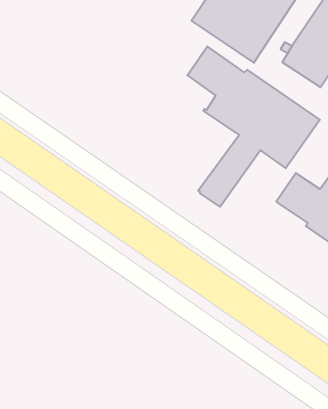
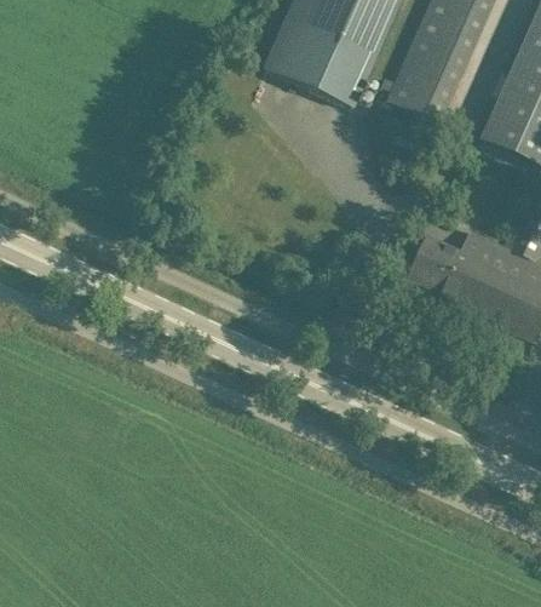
building: [187,46,320,207] -> none

